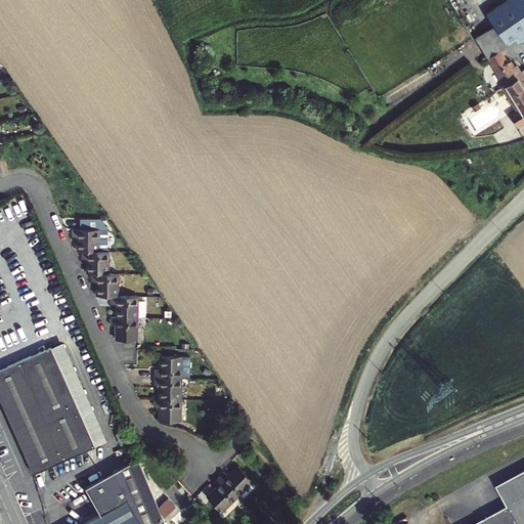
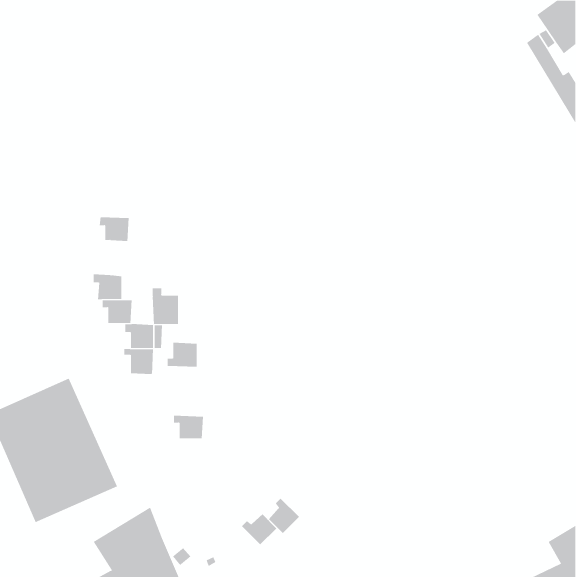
building: [74,227,101,250] -> [99,217,129,242]
building: none -> [152,288,179,325]
building: [157,355,184,378] -> [167,342,197,367]
building: [157,398,183,421] -> none
building: [207,477,235,510] -> [268,498,300,534]

